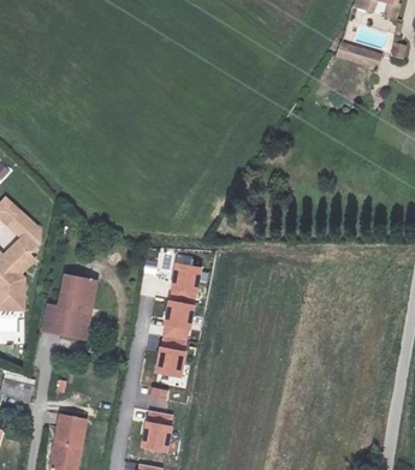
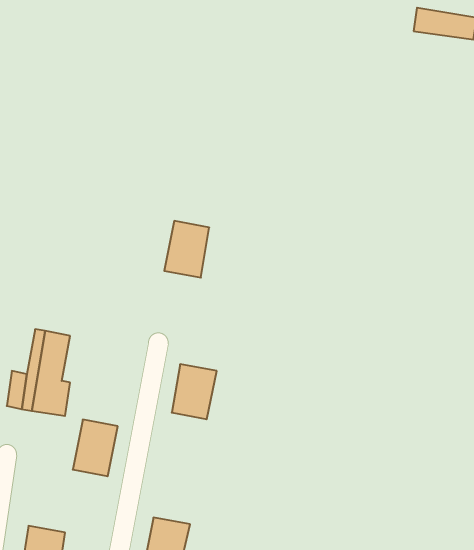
building: [168,263,201,304] -> [164,221,209,278]
building: [155,334,188,375] -> [73,420,118,476]

